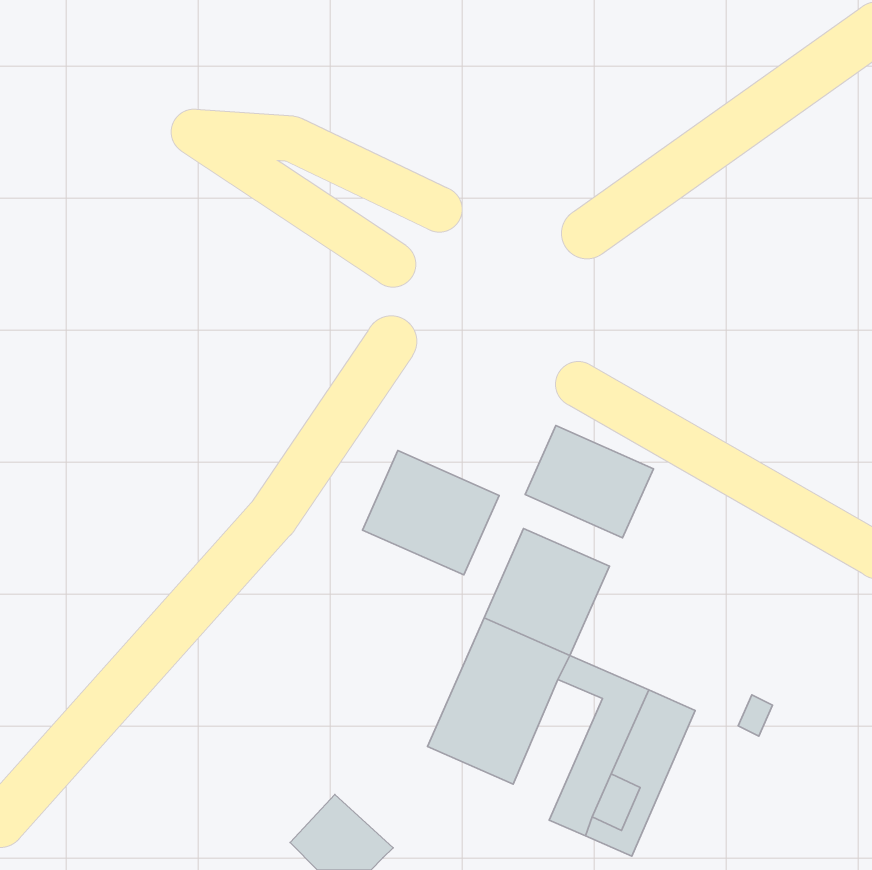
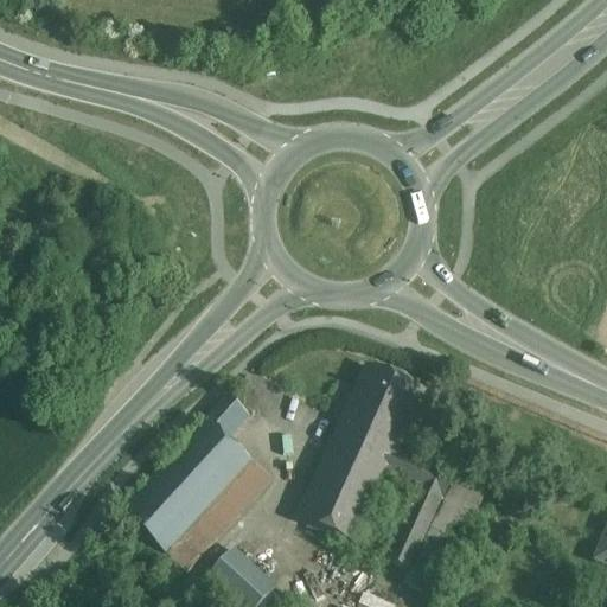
building: [525,426,653,538] -> none
building: [363,451,499,575] -> none
building: none -> [126,395,269,567]

